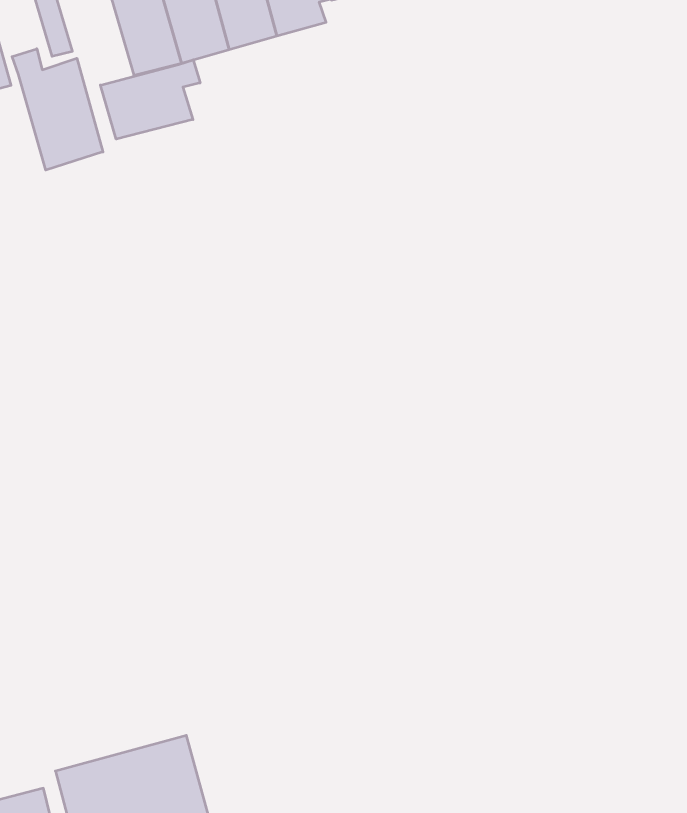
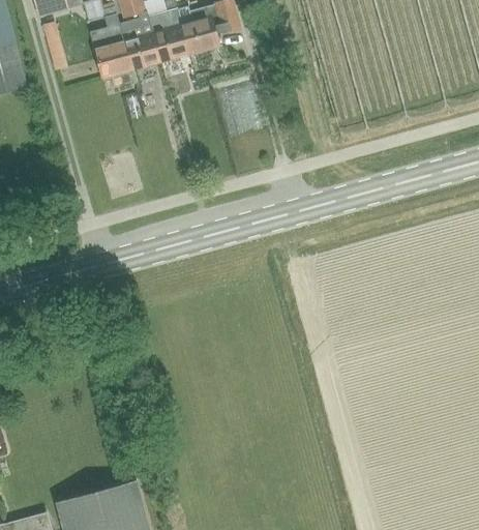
building: [12,49,103,170] -> none
building: [100,60,200,139] -> none

